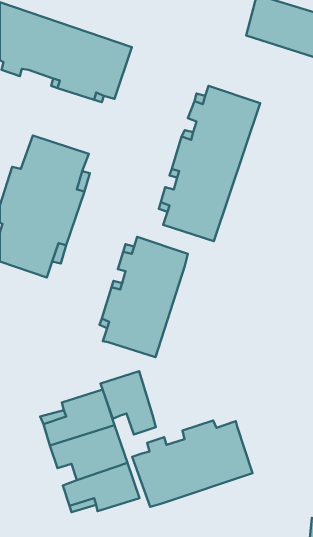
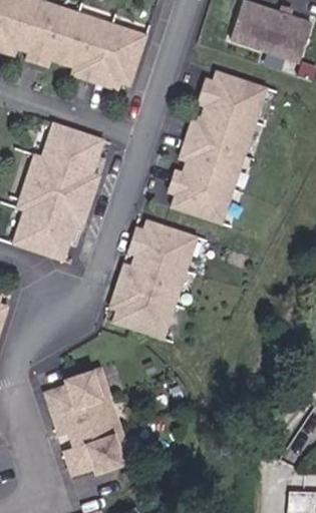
building: [101,371,156,434] -> none
building: [132,420,253,507] -> none

